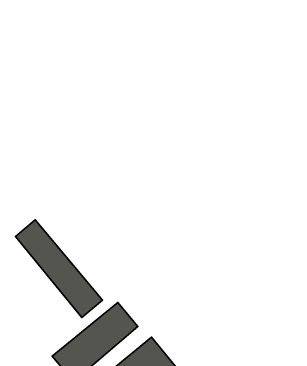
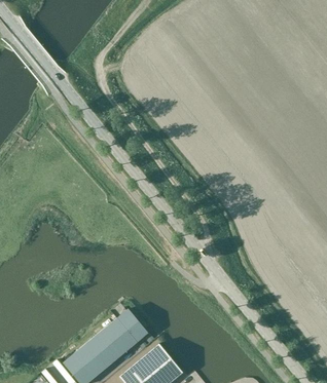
building: [15,220,103,318] -> none

